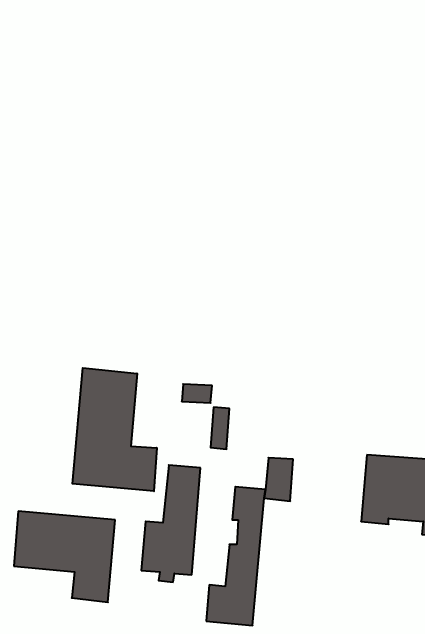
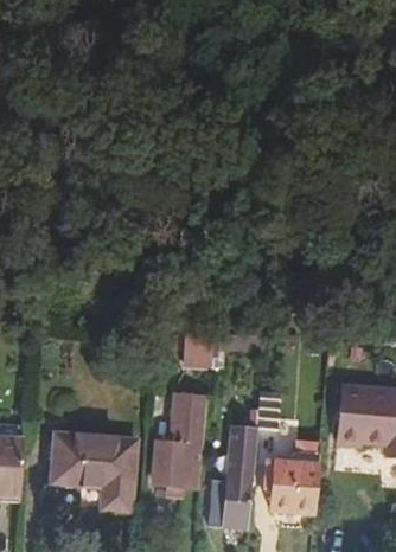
building: [72,368,157,491] -> none
building: none -> [264,442,320,512]

